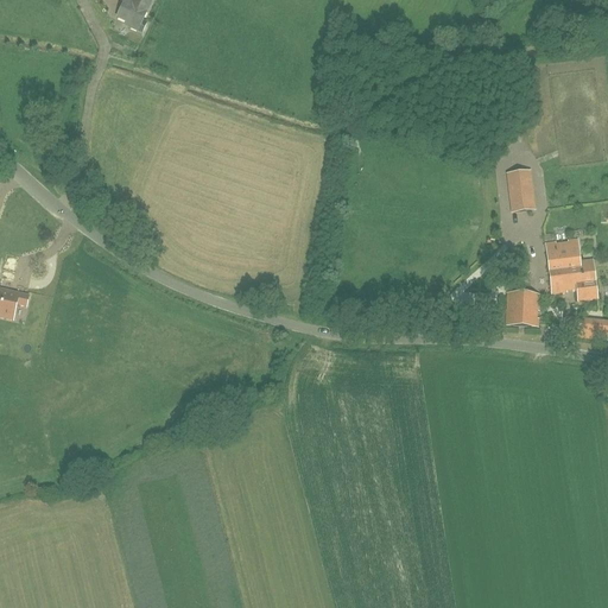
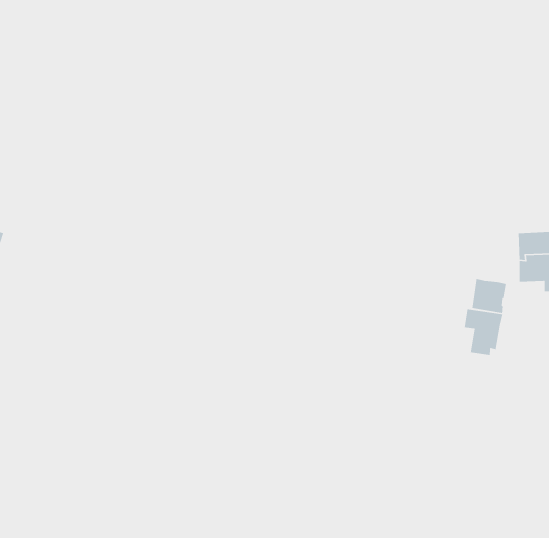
building: [509,169,534,210] -> none
building: none -> [464,308,503,356]

